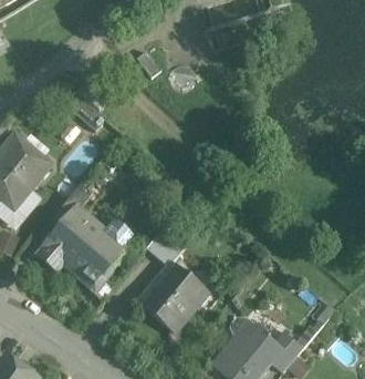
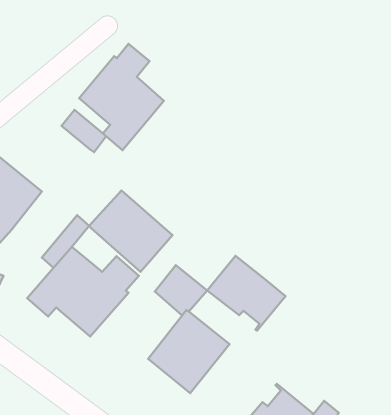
building: none -> [79,44,164,150]
building: none -> [89,190,173,272]
building: none -> [207,256,285,331]

